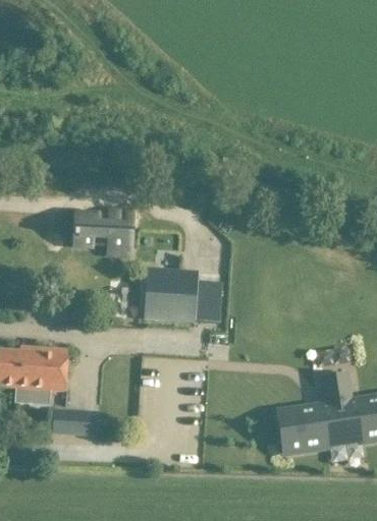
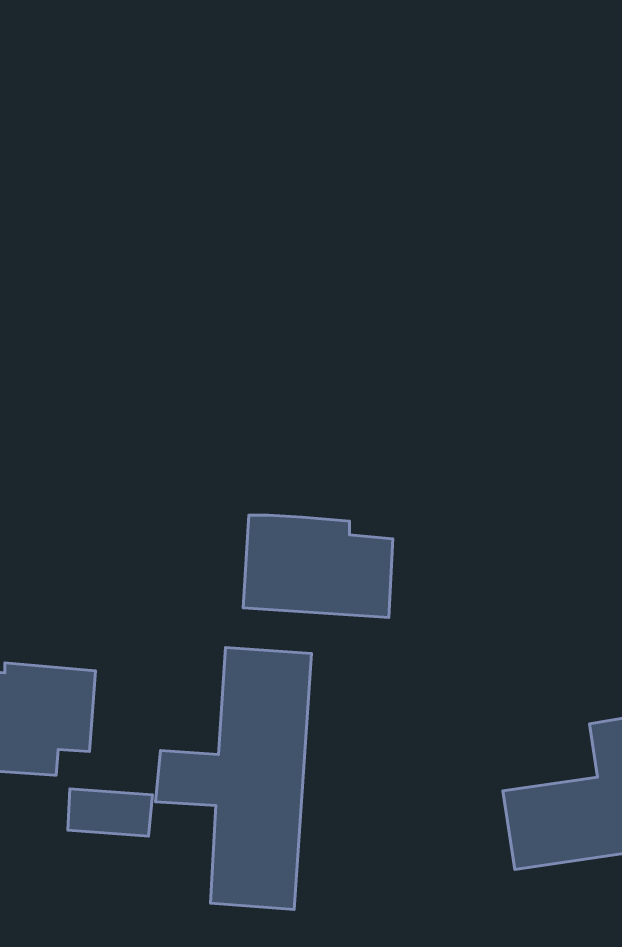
building: [74,209,131,254] -> none
building: none -> [156,648,312,909]

